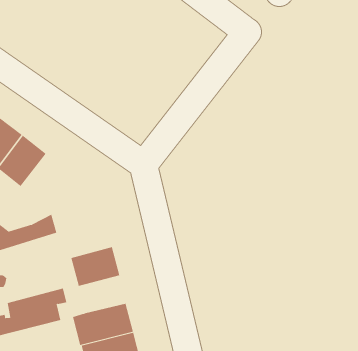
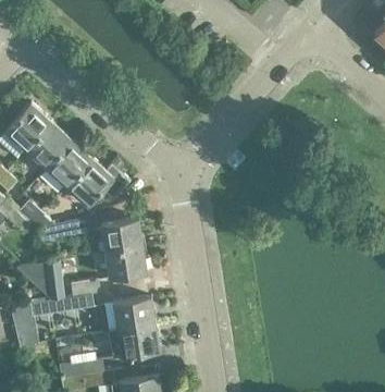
building: none -> [67,160,131,207]
building: none -> [101,221,144,254]

